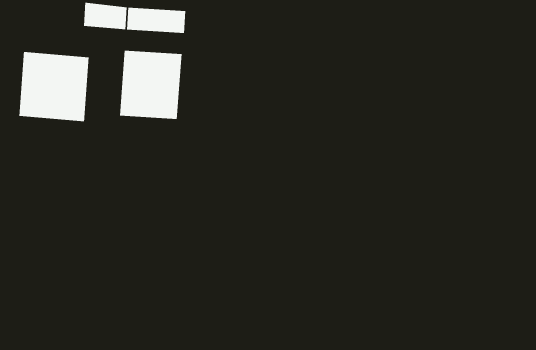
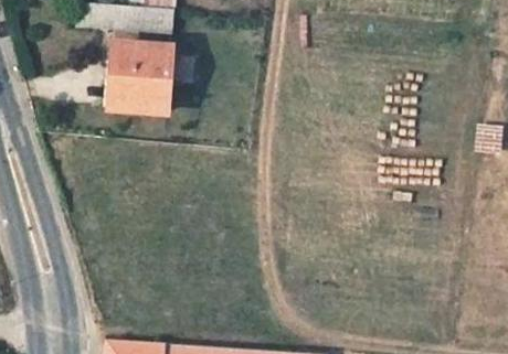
building: [19,51,89,122] -> none

